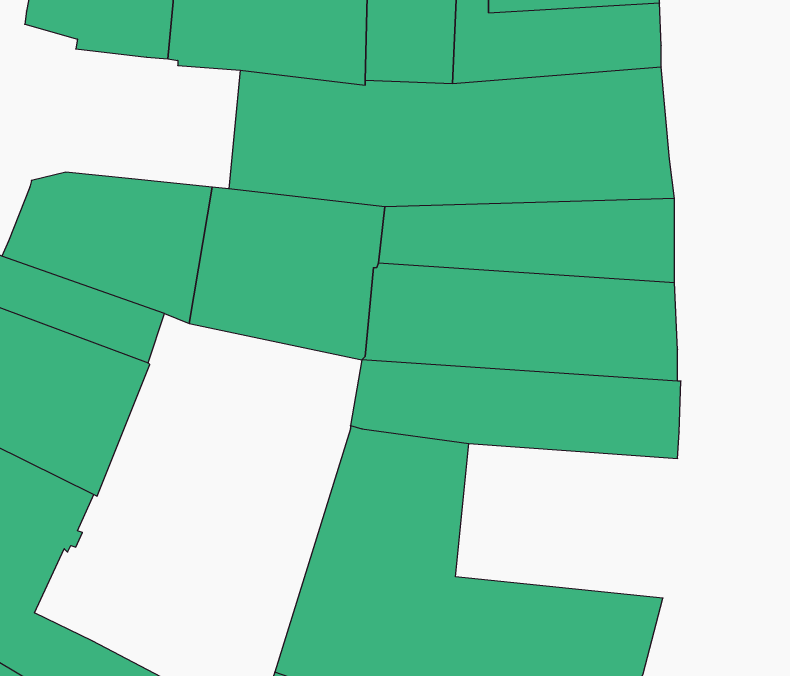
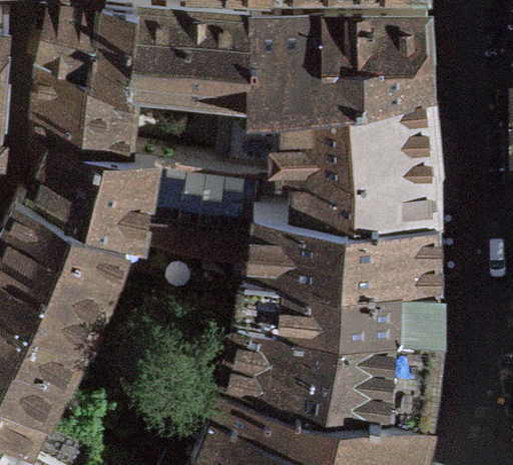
building: none -> [36,59,118,158]
building: none -> [307,315,442,409]

